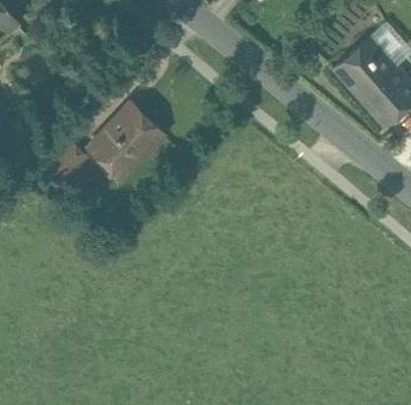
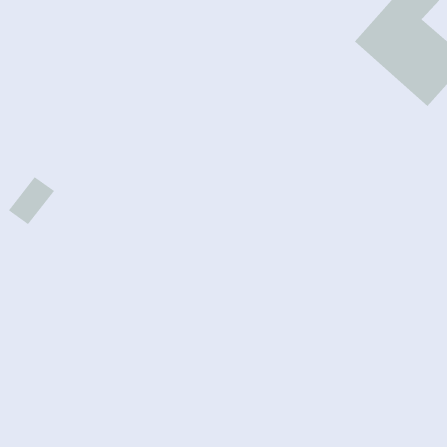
building: [90,106,160,177] -> none

